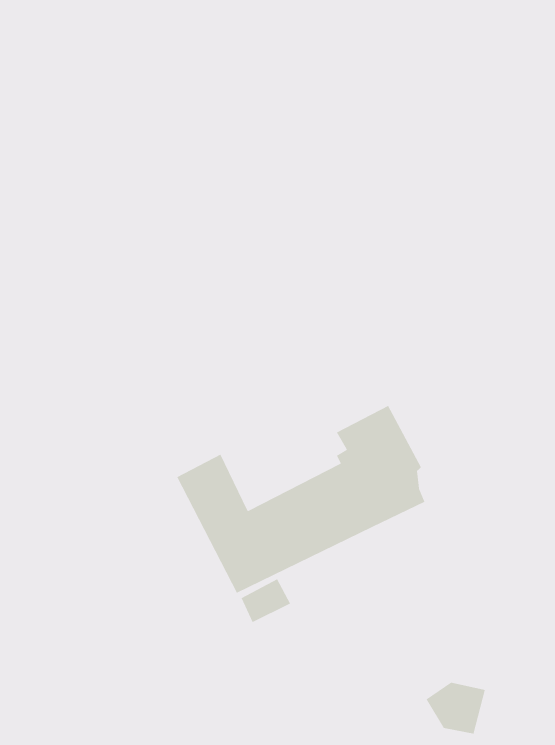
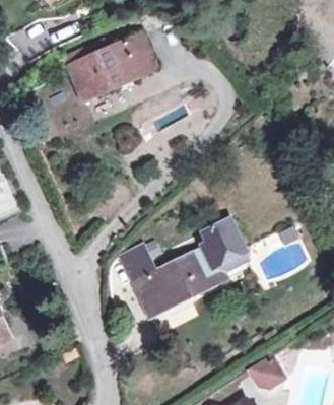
building: none -> [65,32,156,98]

